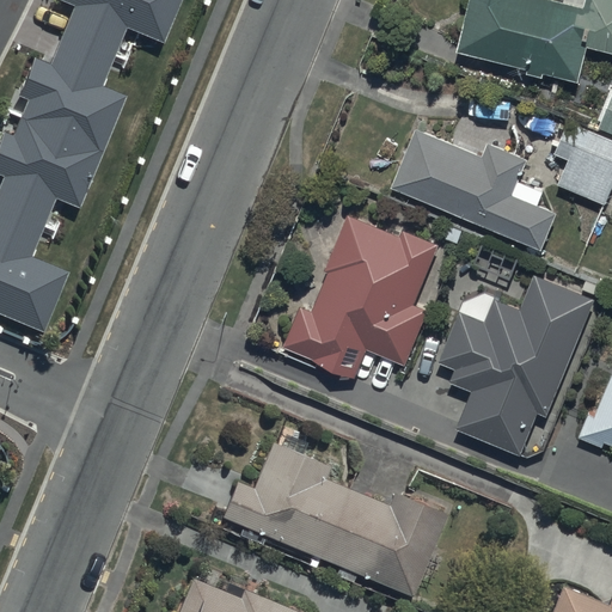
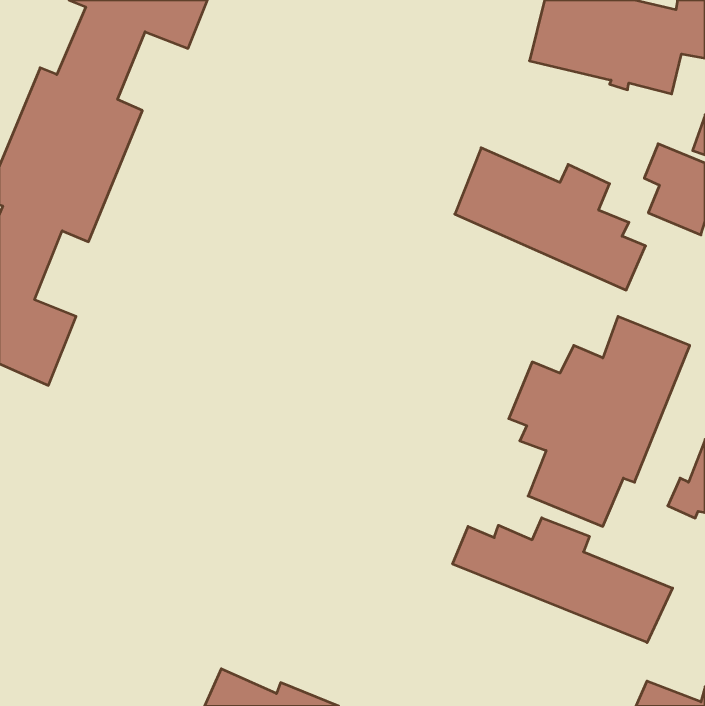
building: [286,215,440,379] -> none
building: [216,445,445,598] -> none
building: none -> [453,518,673,643]

